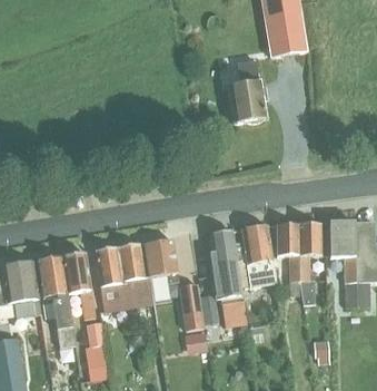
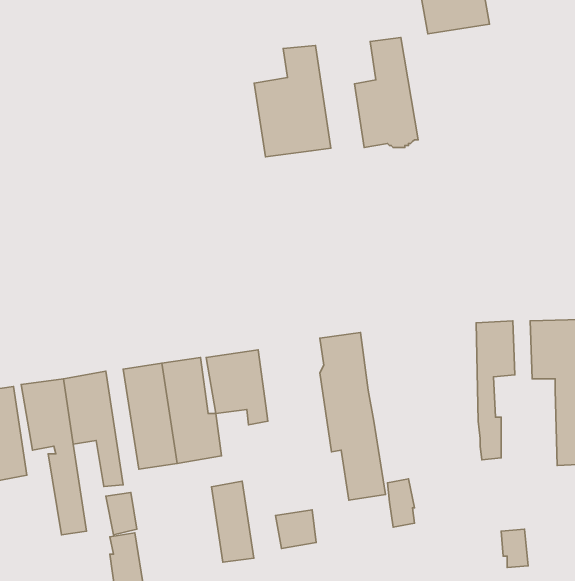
building: none -> [254,45,331,157]
building: [234,225,276,289] -> none
building: [277,225,301,295] -> none
building: [179,285,204,332] -> [211,481,254,562]

